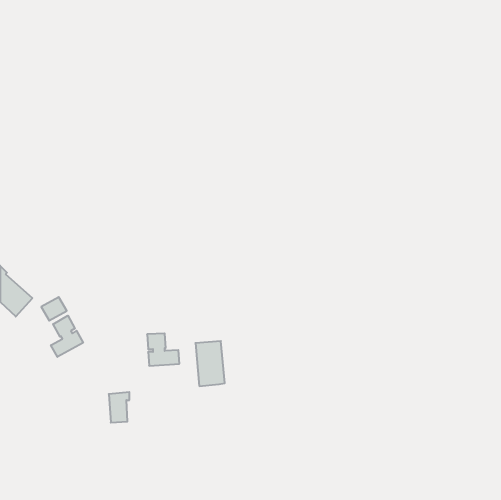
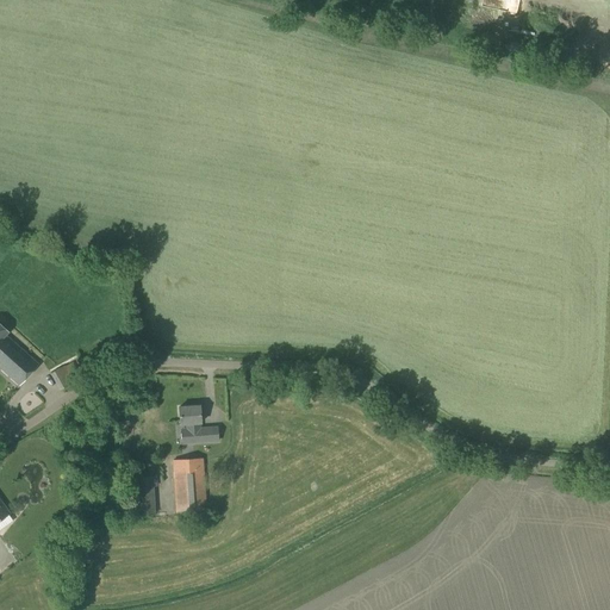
building: [51,316,83,357] -> none
building: [195,341,225,386] -> [172,458,207,512]

